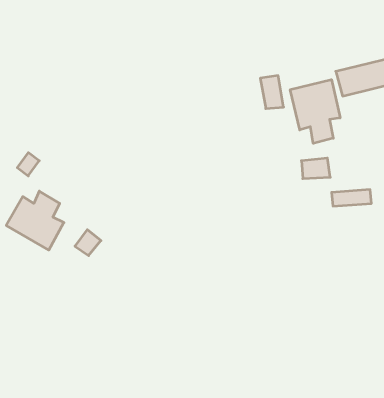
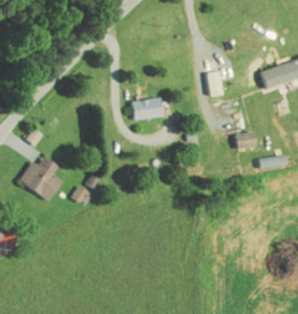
building: [290,80,340,143] -> none
building: none -> [131,98,163,121]

